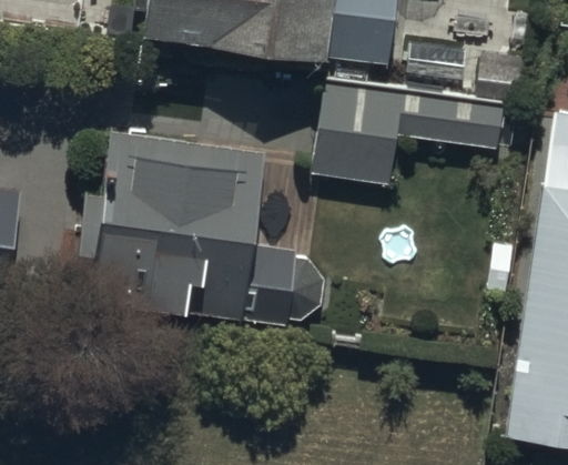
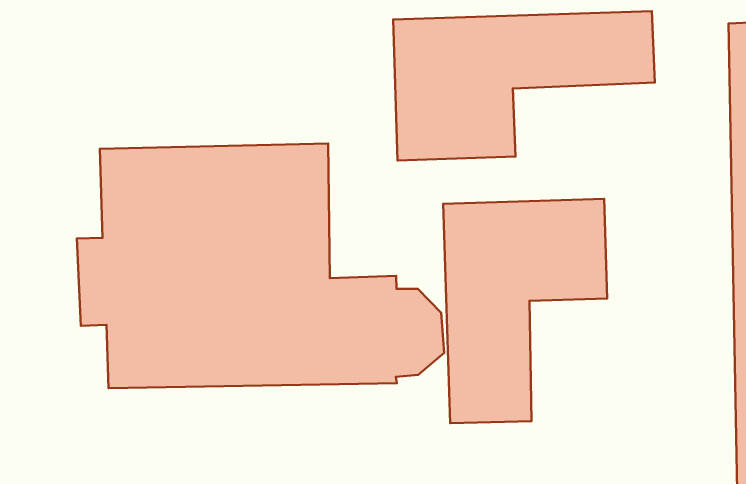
building: none -> [443,199,607,423]

